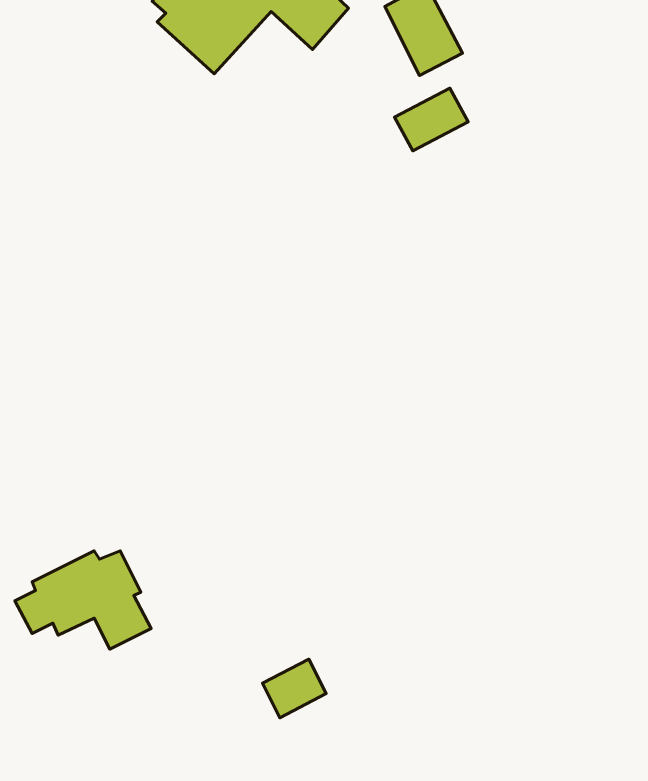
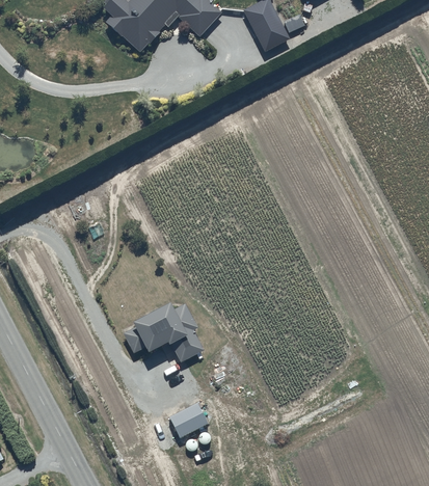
building: [395,88,468,151] -> none
building: [15,551,151,649] -> [123,303,205,362]

